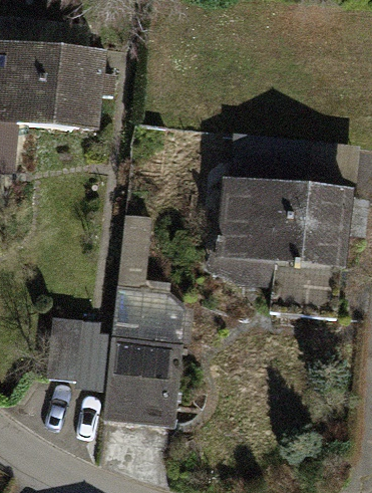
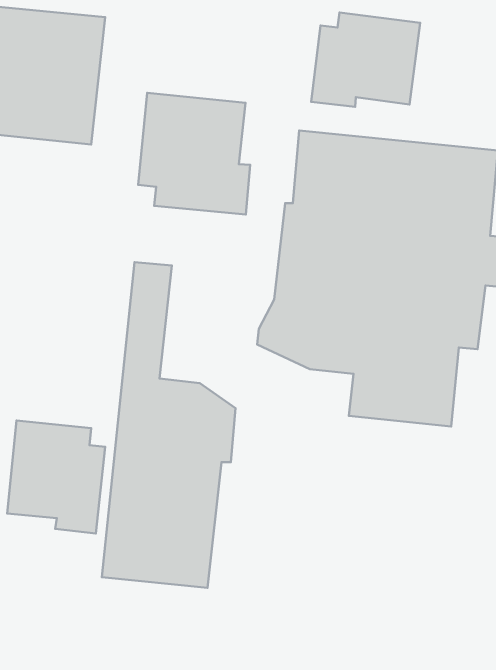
building: none -> [311,13,420,107]
building: none -> [138,93,250,215]

